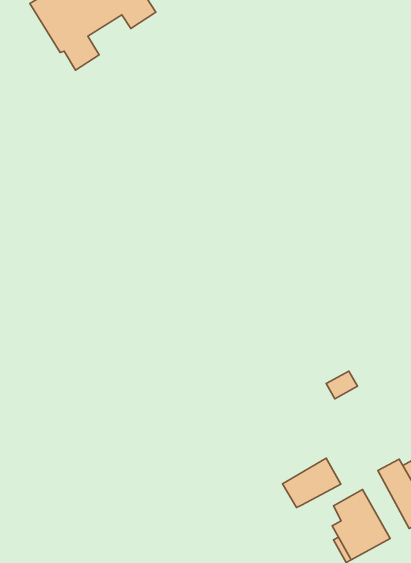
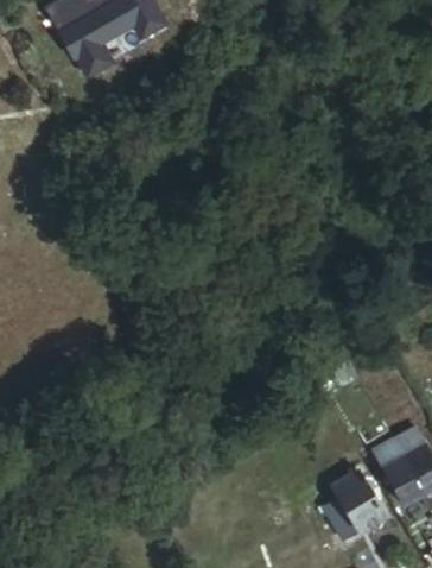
building: [283,458,341,508] -> none

